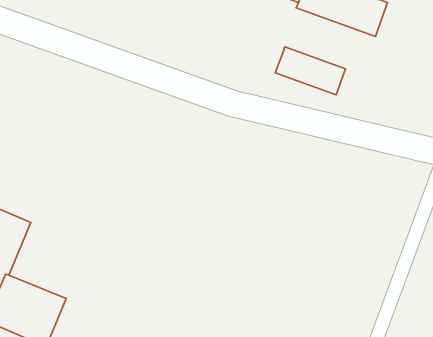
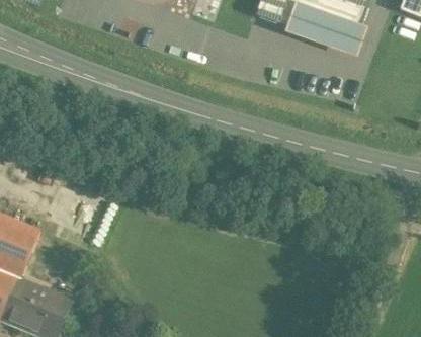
building: [275,47,346,95] -> none

